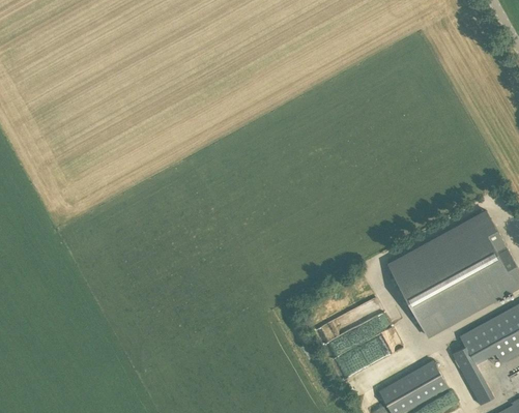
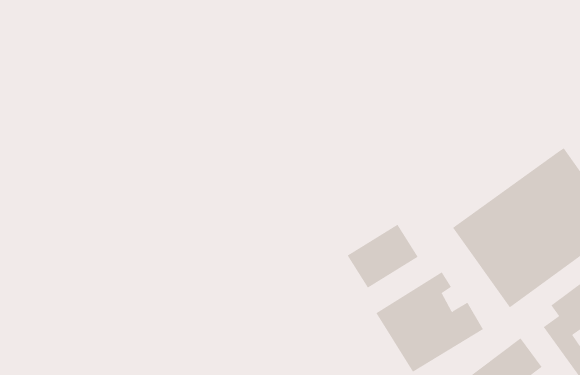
building: none -> [347,224,419,289]

